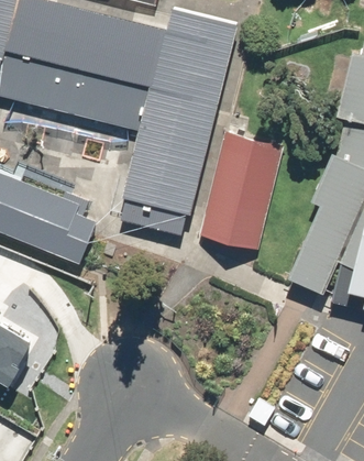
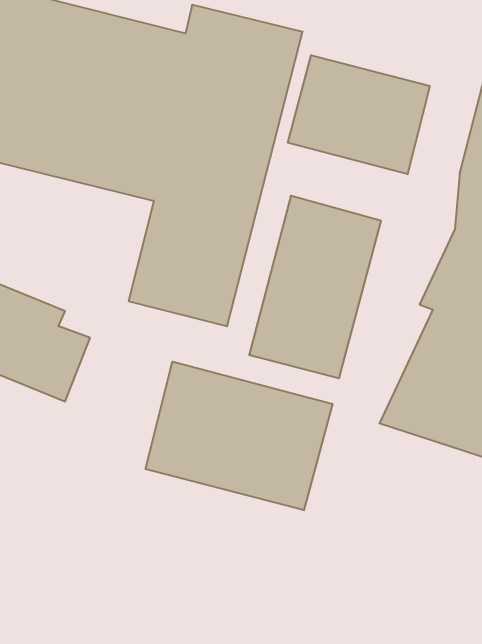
building: none -> [288,55,430,174]
building: none -> [146,362,332,510]

